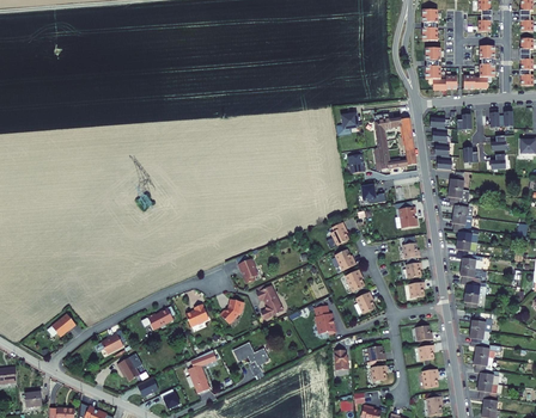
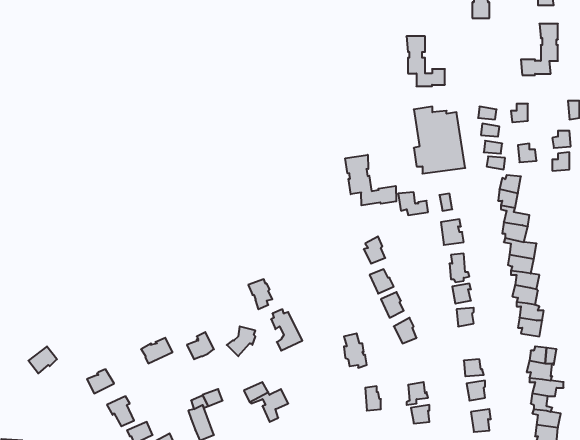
building: [426,48,458,90] -> [406,36,445,86]
building: none -> [345,155,396,205]

